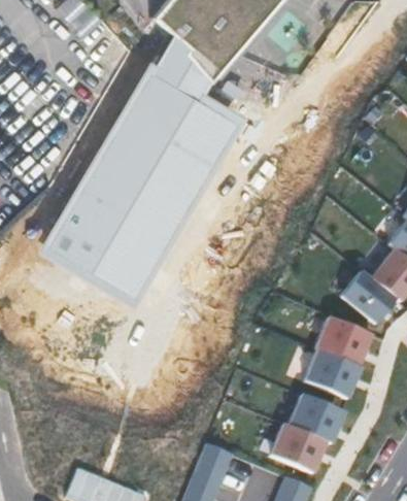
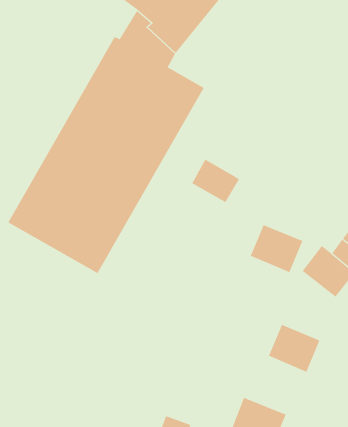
building: none -> [191,159,240,203]
building: [317,316,371,365] -> [250,224,303,273]
building: [287,393,344,442] -> none

